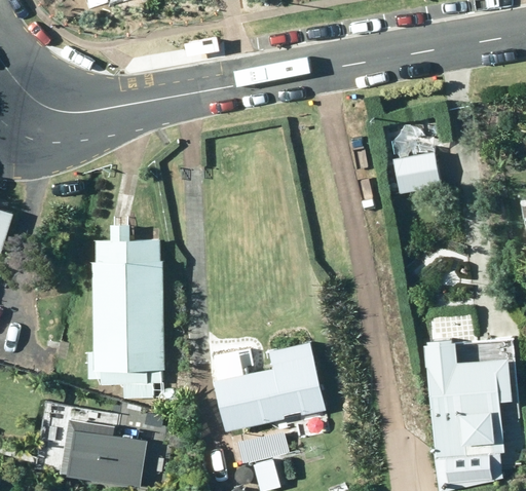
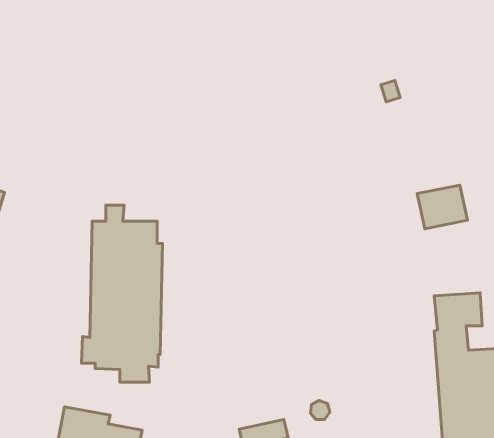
building: [390,150,439,192] -> [417,185,467,229]
building: [212,348,322,431] -> none

